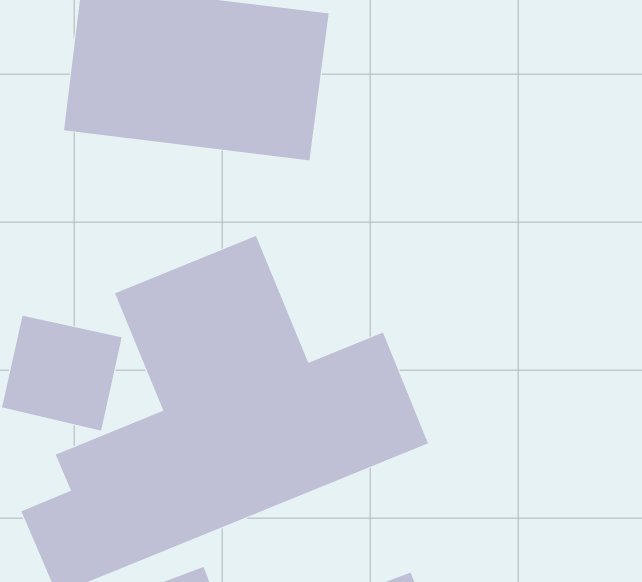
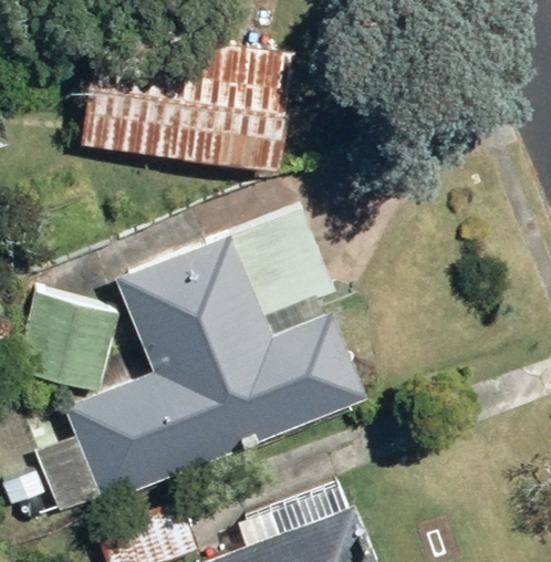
building: none -> [235,209,337,322]

